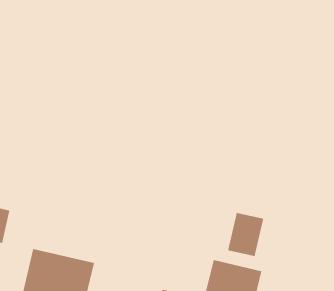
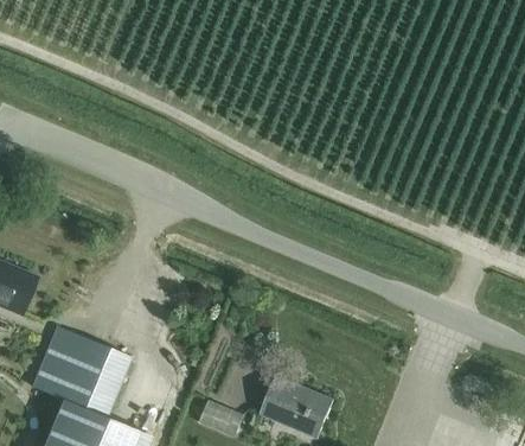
building: [228,212,264,257] -> none

